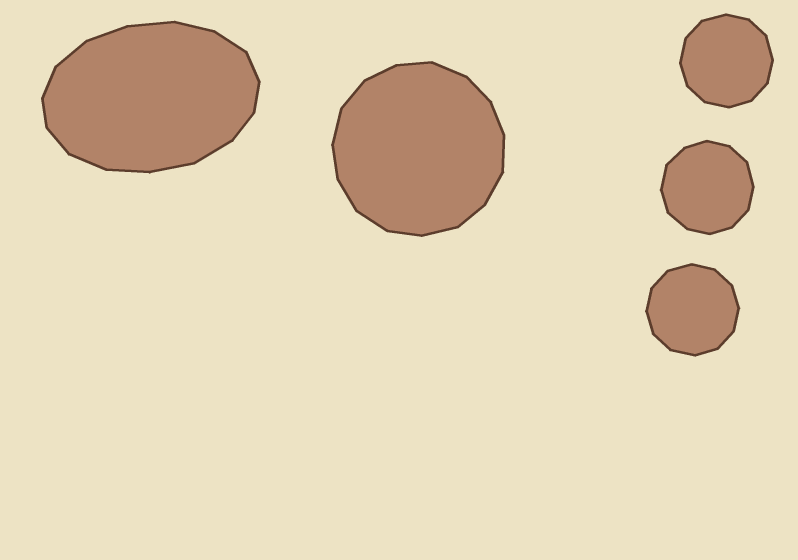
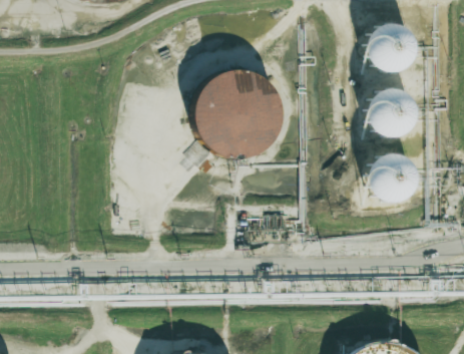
building: [43,22,259,172] -> none

